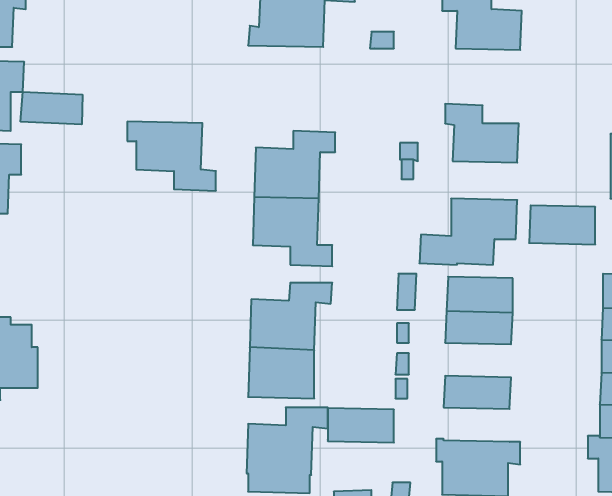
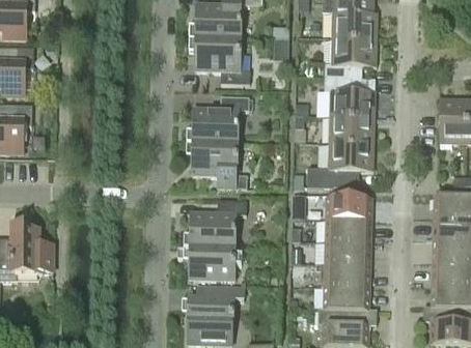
building: none -> [325,38,377,78]
building: [21,92,82,124] -> none
building: [127,122,216,191] -> [189,36,250,84]
building: [529,205,595,244] -> [329,116,375,143]
building: none -> [325,241,370,265]
building: [328,408,394,443] -> [324,286,369,310]

